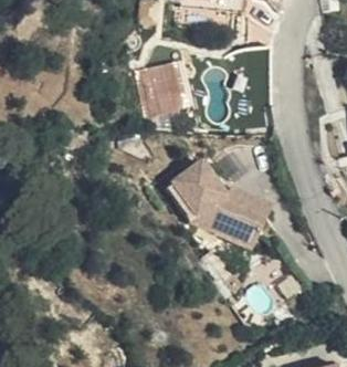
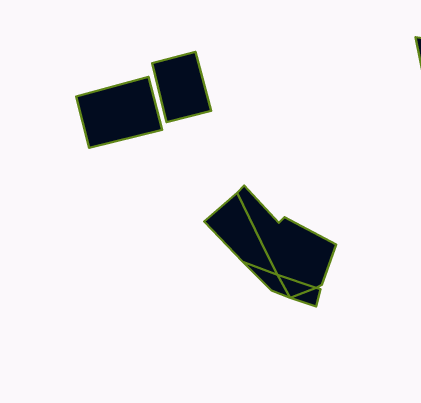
building: none -> [76,77,162,148]

